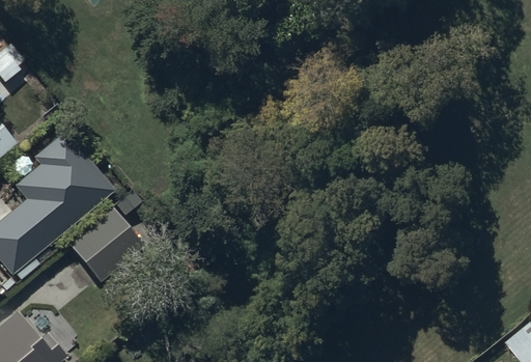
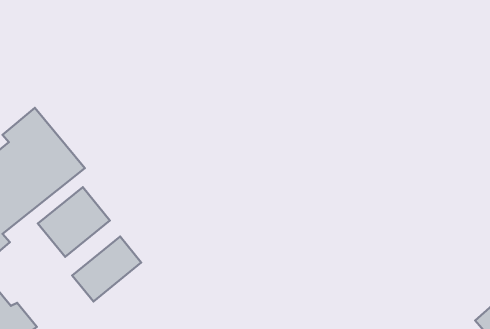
building: none -> [72,237,141,301]

